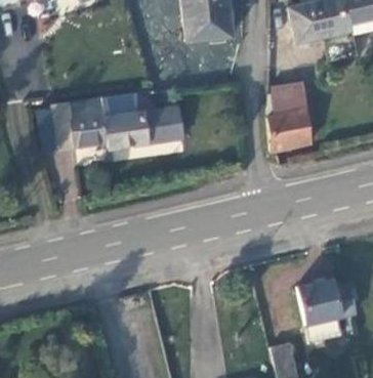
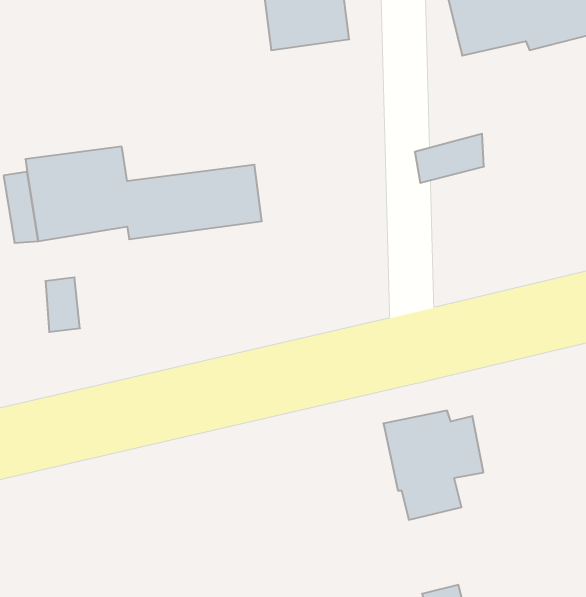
building: [265,107,312,154] -> none
building: [299,280,356,341] -> [383,411,483,520]

